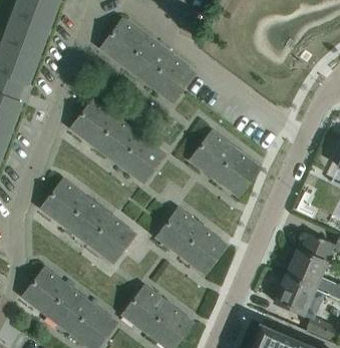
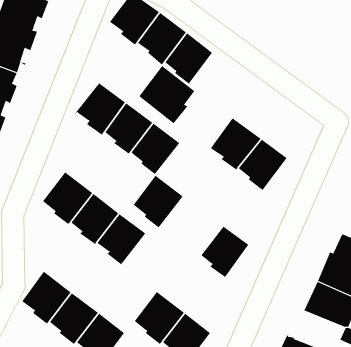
building: none -> [138,65,195,124]
building: [155,209,203,256] -> [130,175,184,228]

